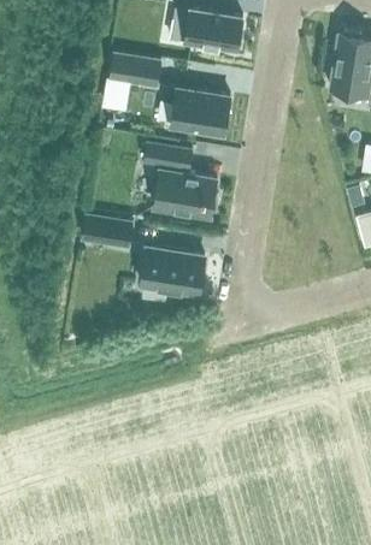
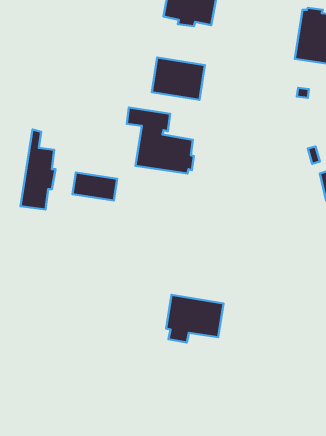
building: [108,53,161,87] -> none
building: none -> [20,130,55,209]
building: [141,248,205,301] -> [166,295,224,342]

